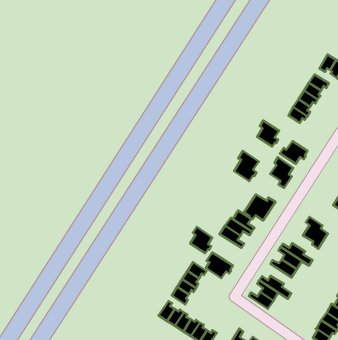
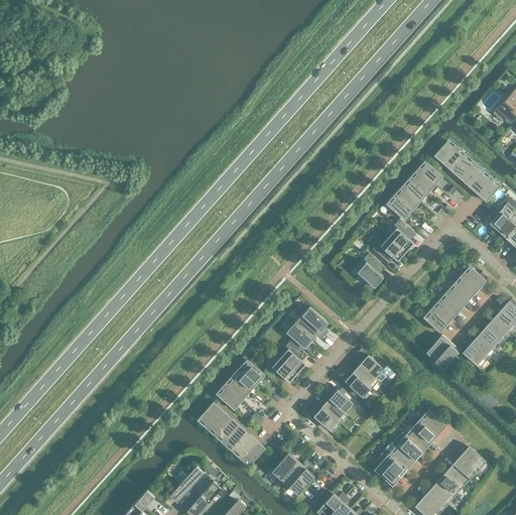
building: [257,120,279,146] -> [389,219,416,251]
building: [234,151,259,181] -> none
building: [244,194,276,221] -> none
building: [303,217,328,249] -> none
building: [190,227,212,253] -> [280,340,307,372]

